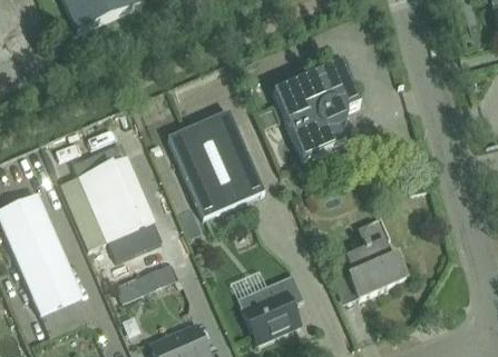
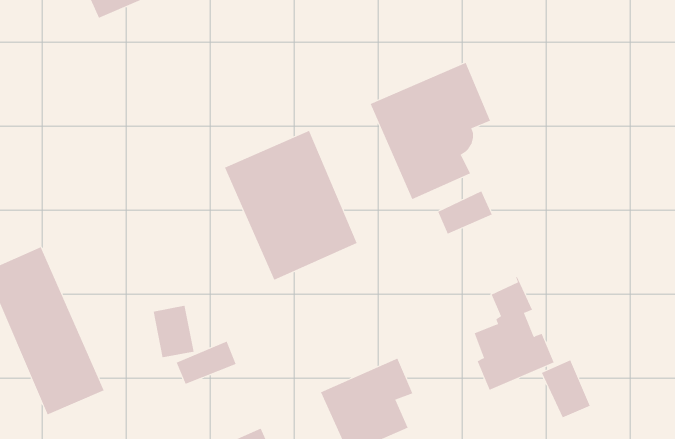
building: none -> [437,191,493,235]
building: [77,153,155,241] -> none
building: none -> [541,360,590,418]

